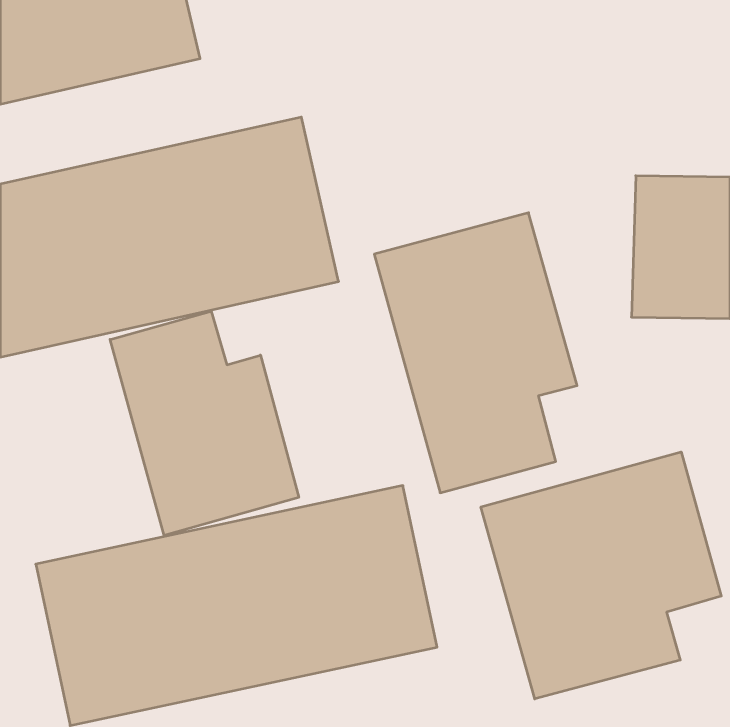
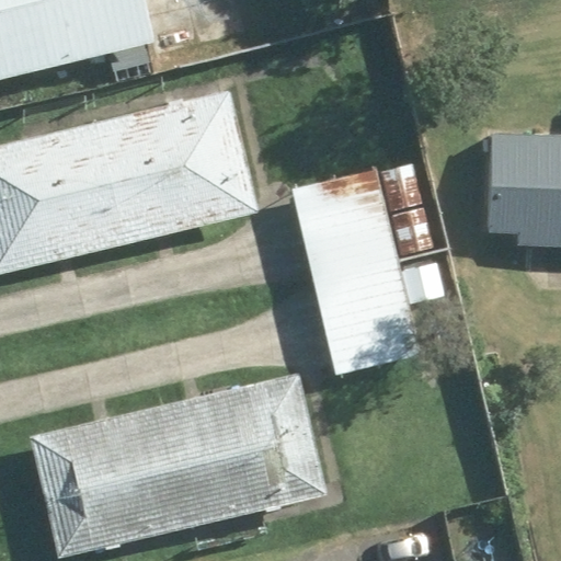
building: [110,311,299,535] -> none
building: [481,452,721,699] -> none

